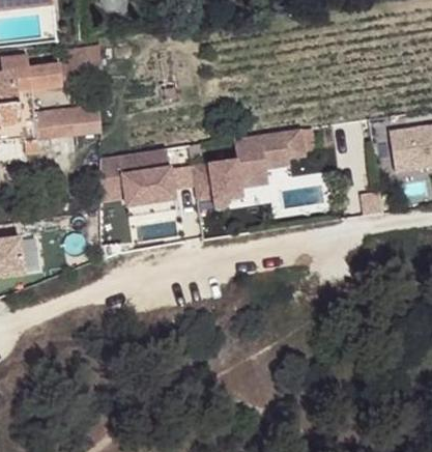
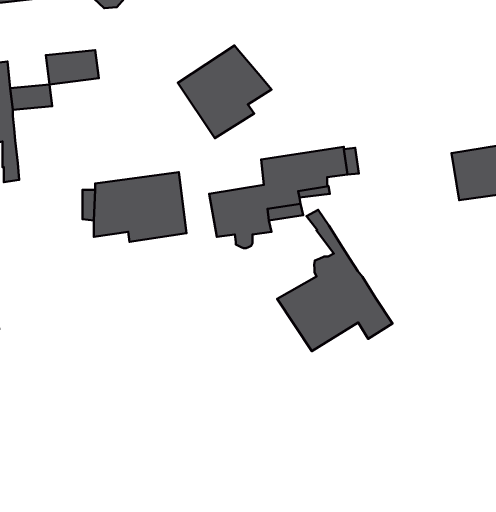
building: none -> [178,46,271,138]
building: [33,104,102,139] -> none
building: none -> [277,210,392,351]

